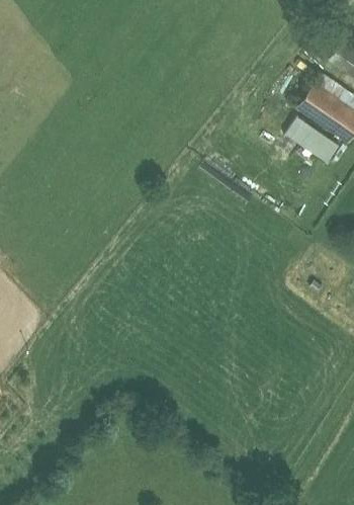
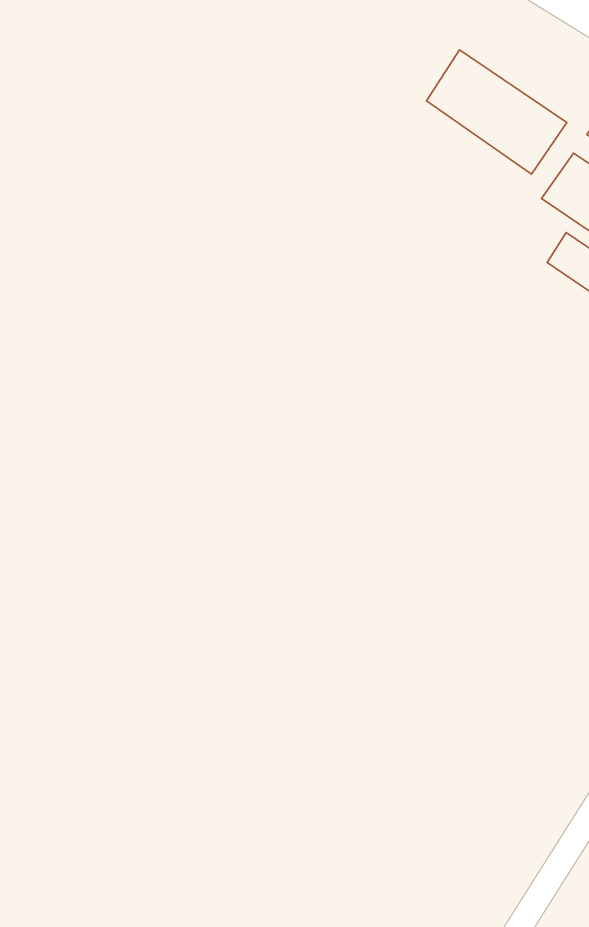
building: none -> [426,50,567,174]

